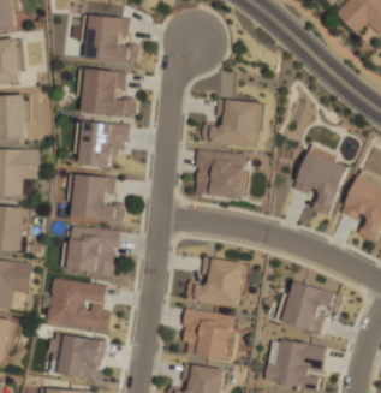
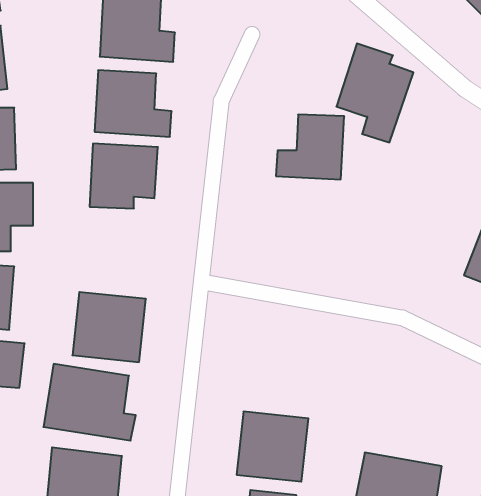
building: [293,147,347,216] -> [336,43,413,142]
building: [195,150,245,198] -> none
building: [72,175,124,221] -> none
building: [186,258,244,306] -> none
building: [275,282,343,333] -> none

